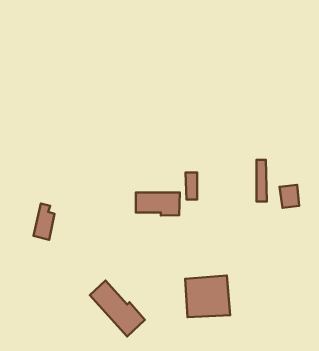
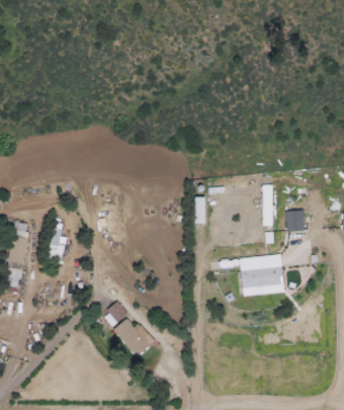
building: [136,192,180,215] -> none
building: [185,276,230,317] -> [241,255,284,296]

